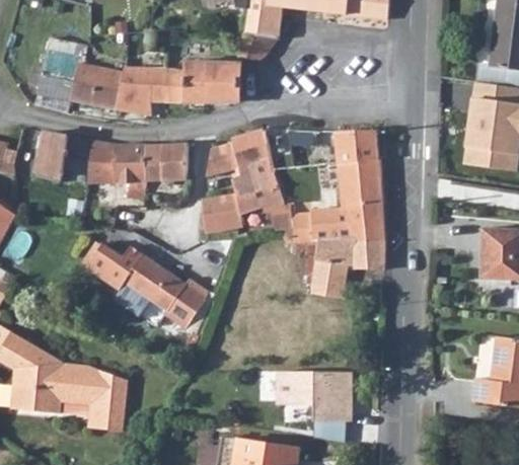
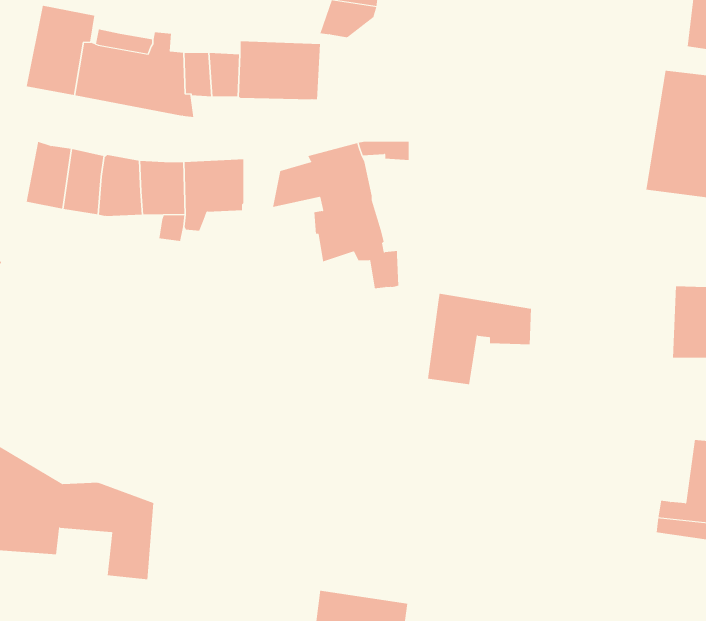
building: [284,131,382,245] -> none
building: [202,195,242,233] -> none
building: [87,246,207,330] -> none
building: [269,370,355,424] -> none

